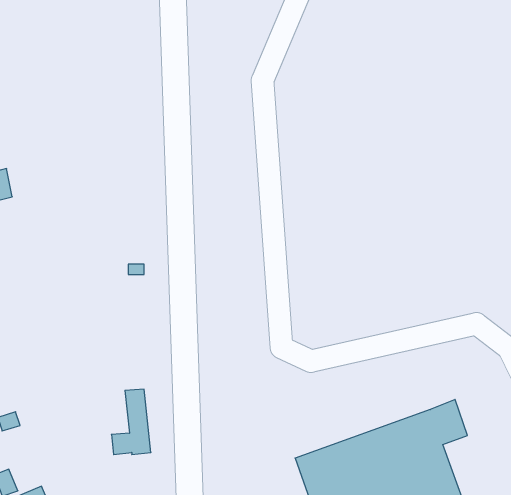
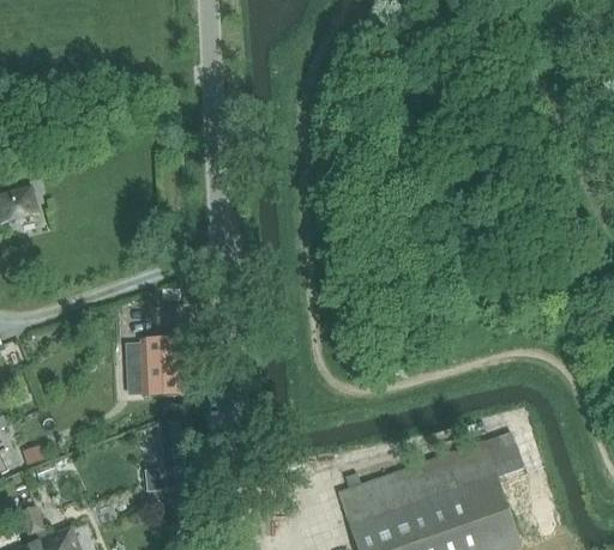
building: none -> [126,337,181,395]

